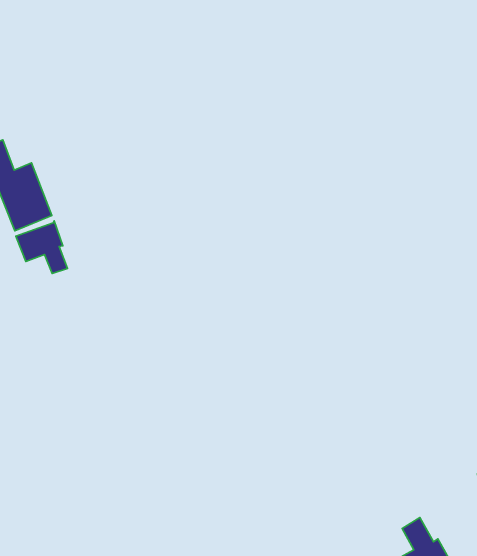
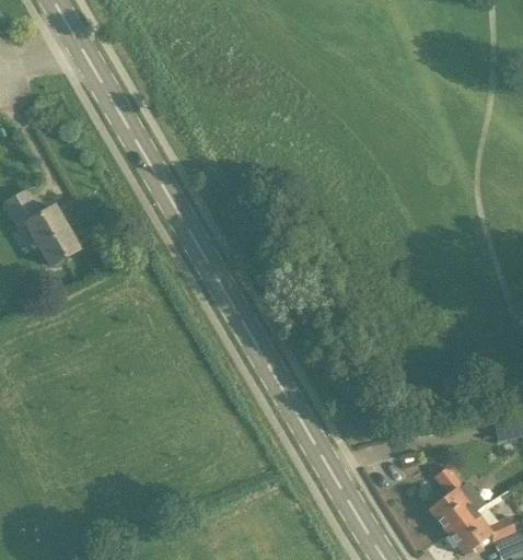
building: [16,221,67,273] -> none

